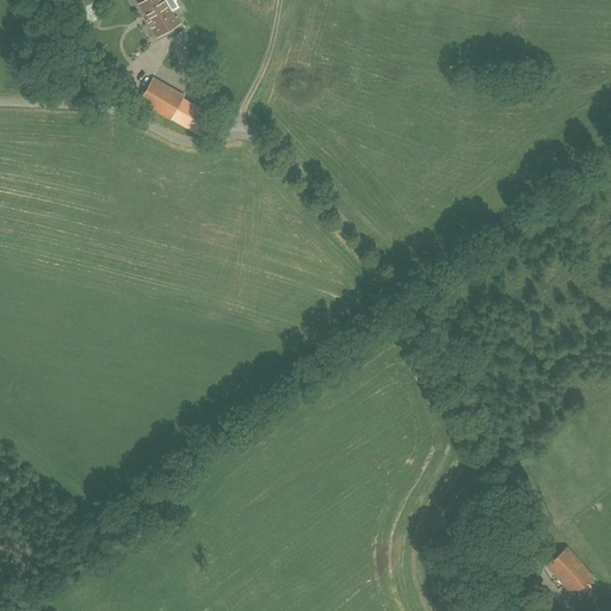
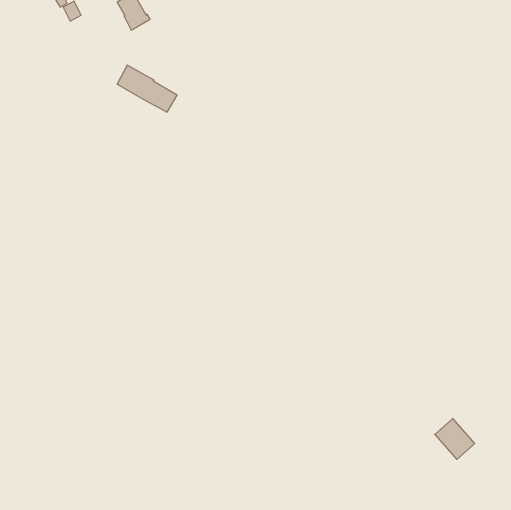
building: [545,545,593,594] -> [435,418,475,459]

